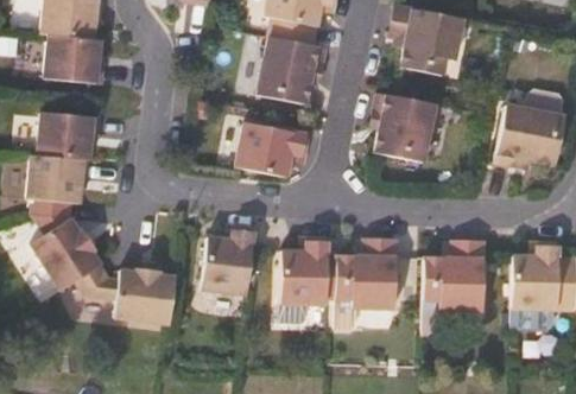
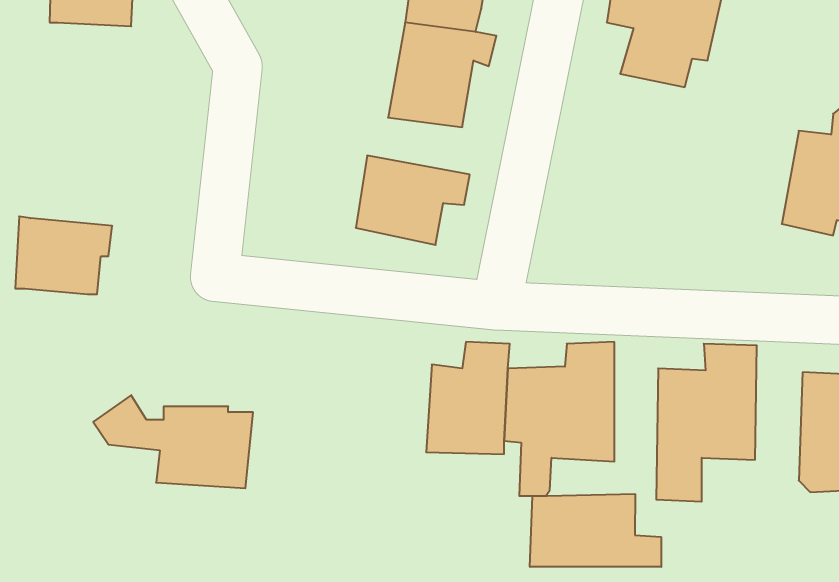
building: [45,36,105,83] -> none
building: [380,91,438,160] -> none
building: [33,114,94,163] -> none
building: [27,202,96,294] -> none
building: [204,231,255,299] -> none
building: none -> [530,494,661,567]

